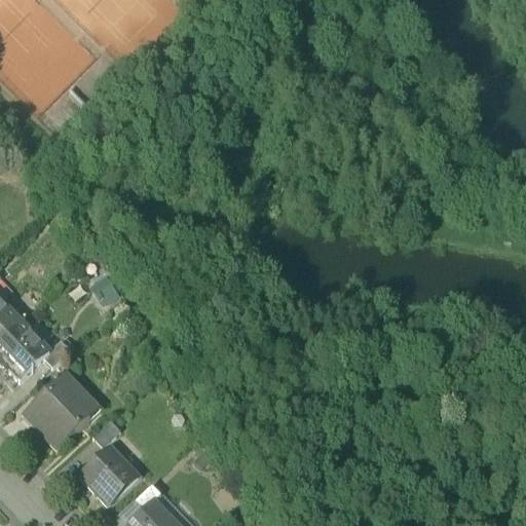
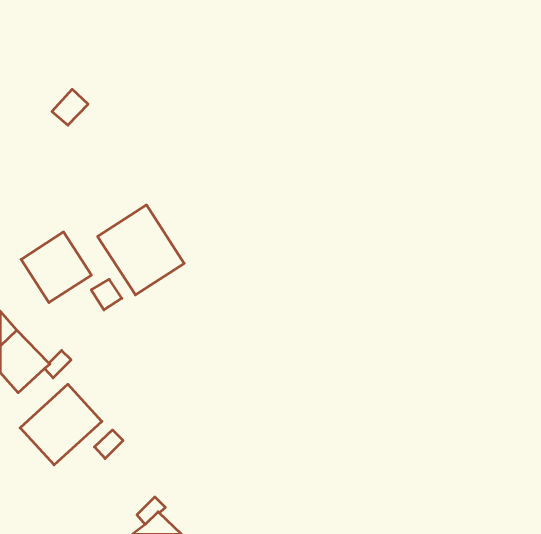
building: none -> [98,205,184,295]
building: none -> [21,232,91,303]
building: [78,439,144,505] -> none

